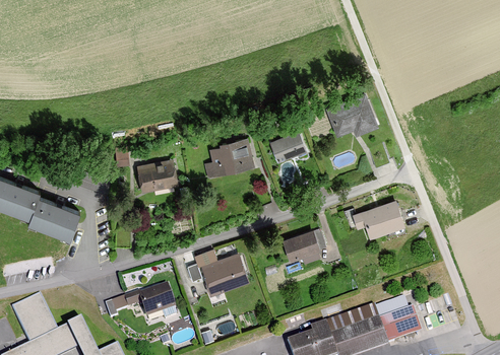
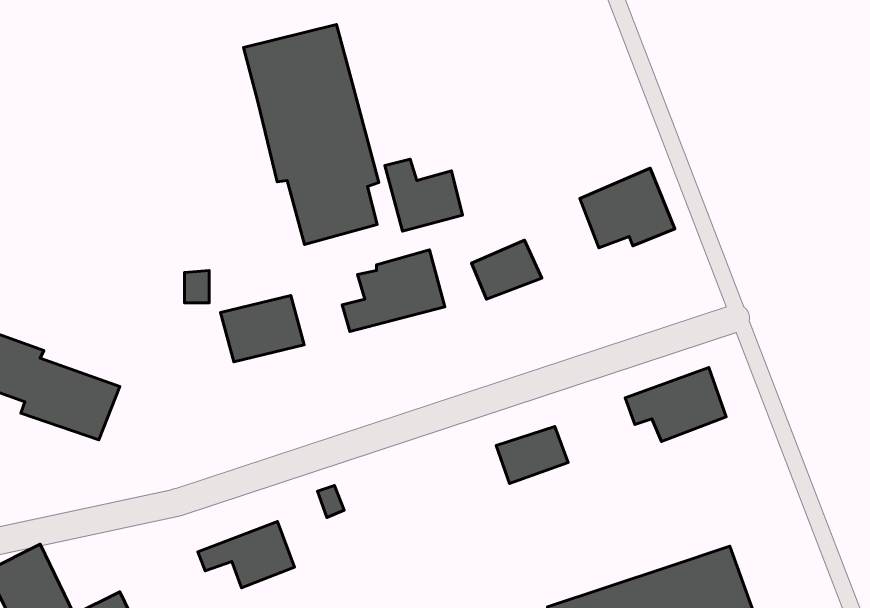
building: none -> [244,24,379,245]
building: none -> [385,159,463,231]
building: [201,252,248,294] -> none

